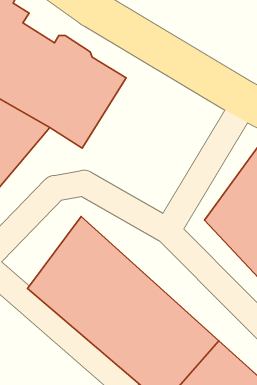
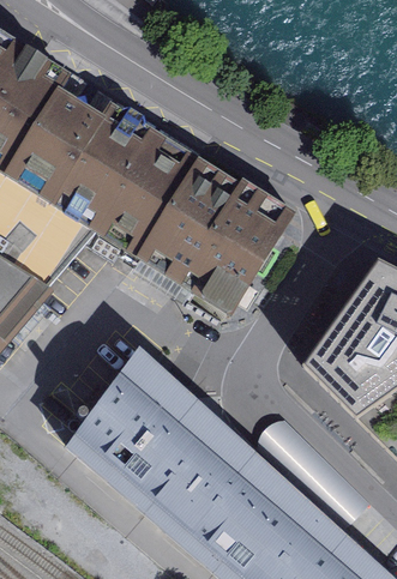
building: none -> [139,159,294,312]

